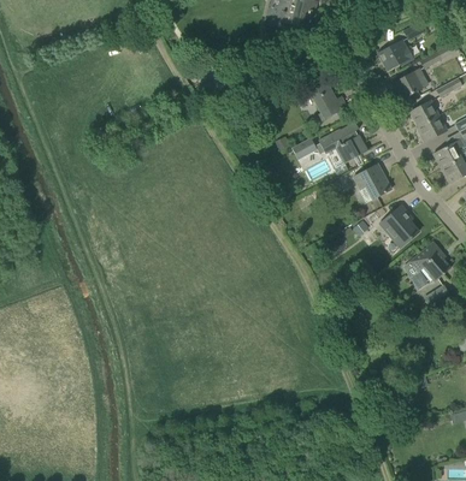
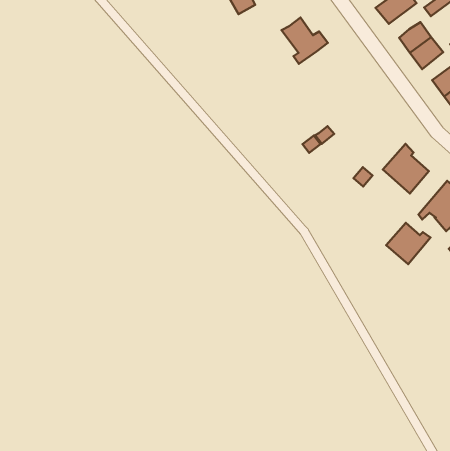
building: [293,120,368,162] -> none
building: [354,162,391,198] -> none
building: none -> [386,223,431,264]

